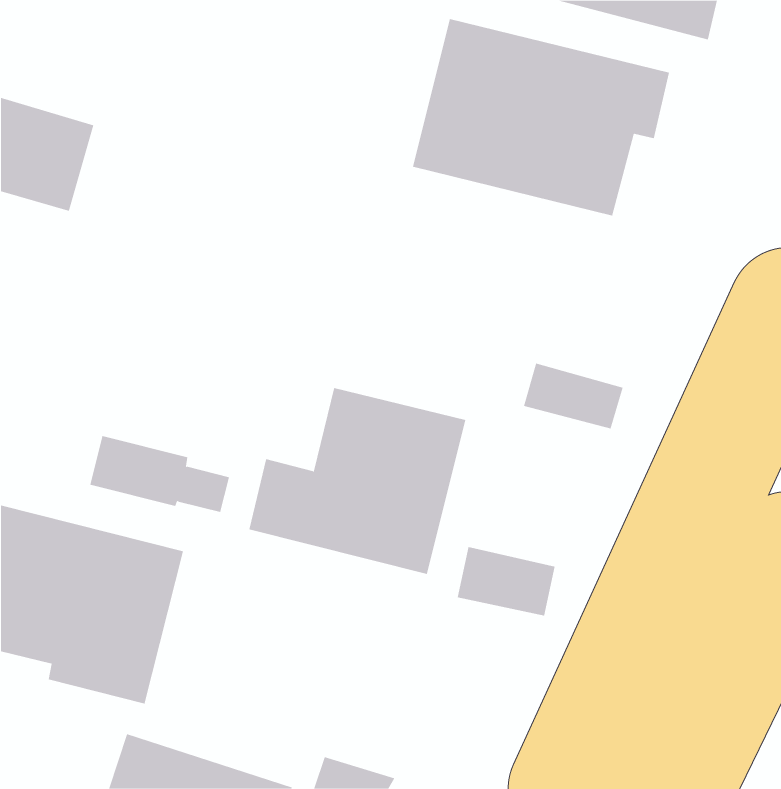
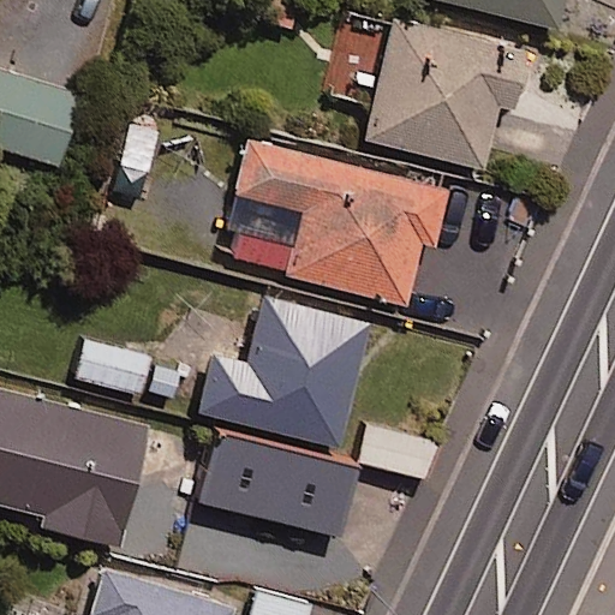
building: none -> [238,135,448,305]
building: none -> [199,437,357,537]

